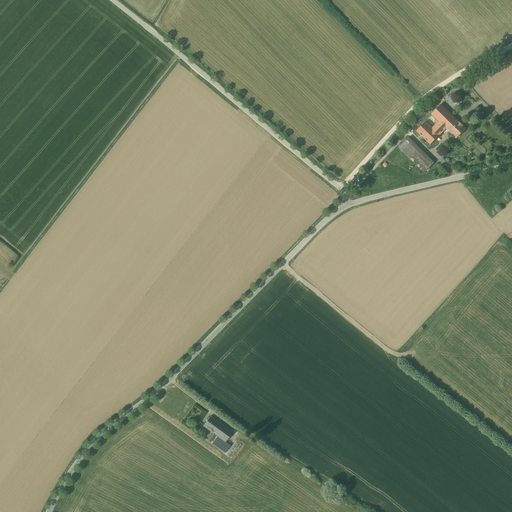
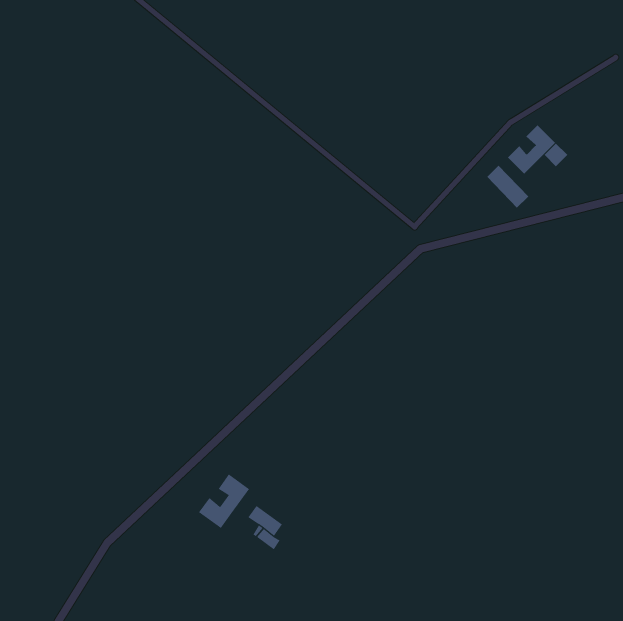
building: none -> [198,474,250,529]

